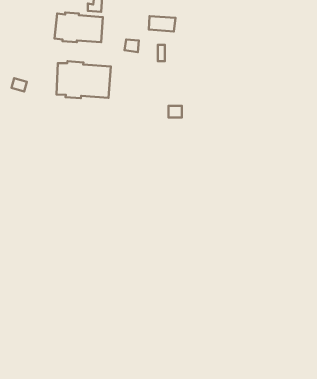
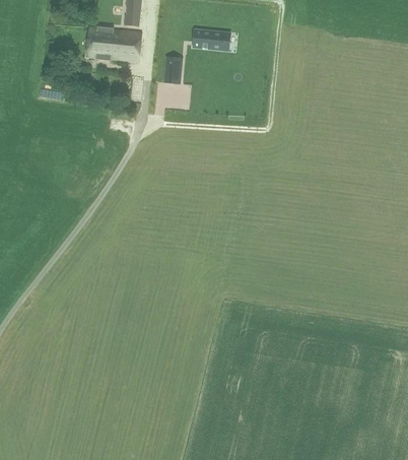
building: [57,61,111,98] -> none

